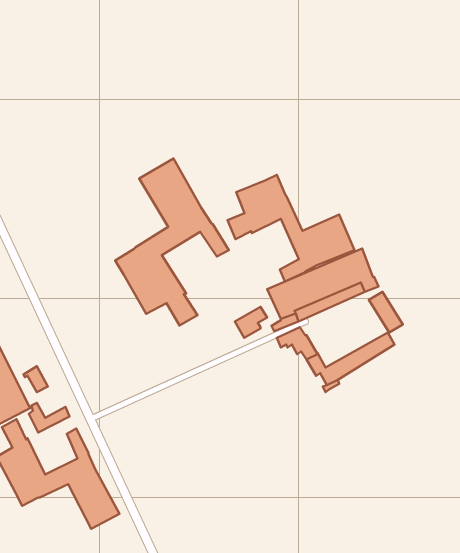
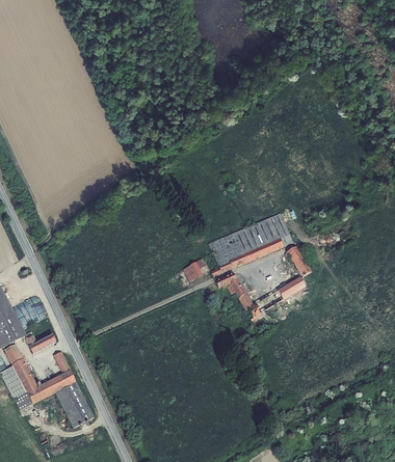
building: [115,158,229,325] -> none
building: [227,175,355,282] -> none

